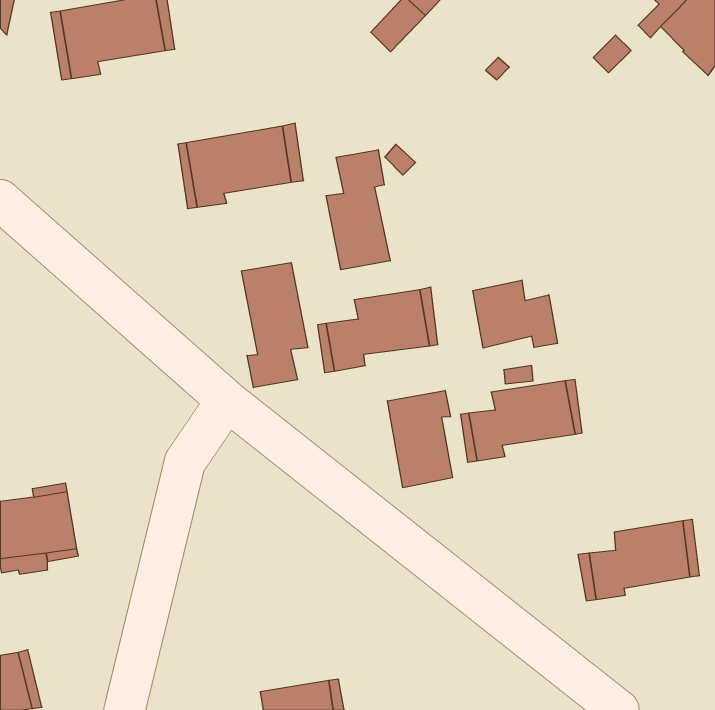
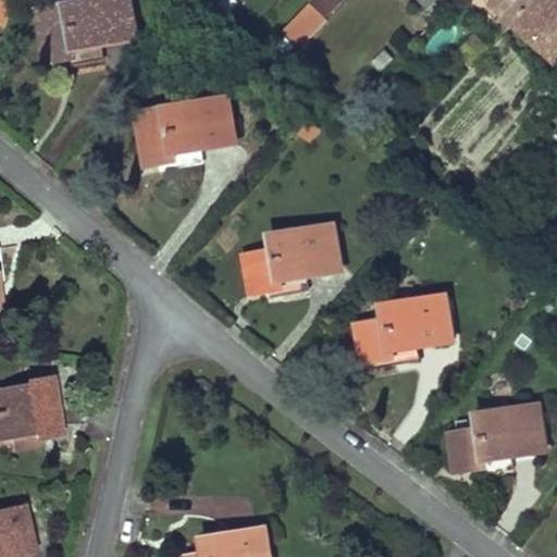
building: [326,150,390,270] -> none
building: [241,263,308,388] -> none
building: [473,280,557,348] -> none
building: [387,390,453,488] -> none

